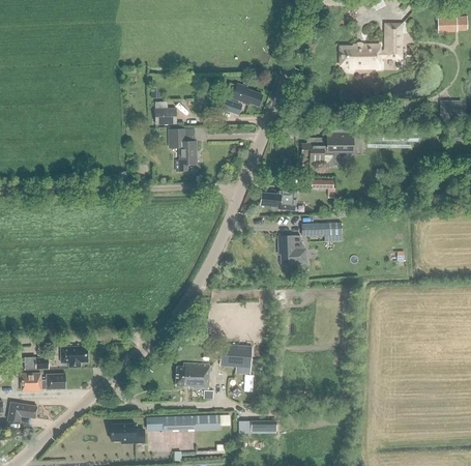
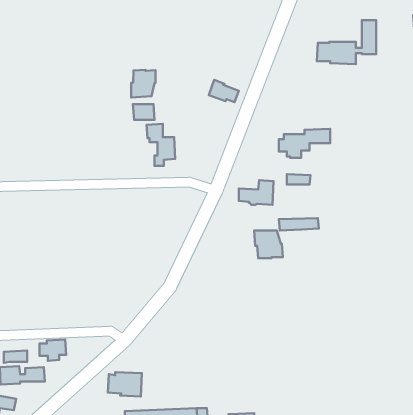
building: none -> [131,70,156,98]
building: [220,345,252,368] -> none
building: [175,365,209,389] -> [108,372,142,397]

